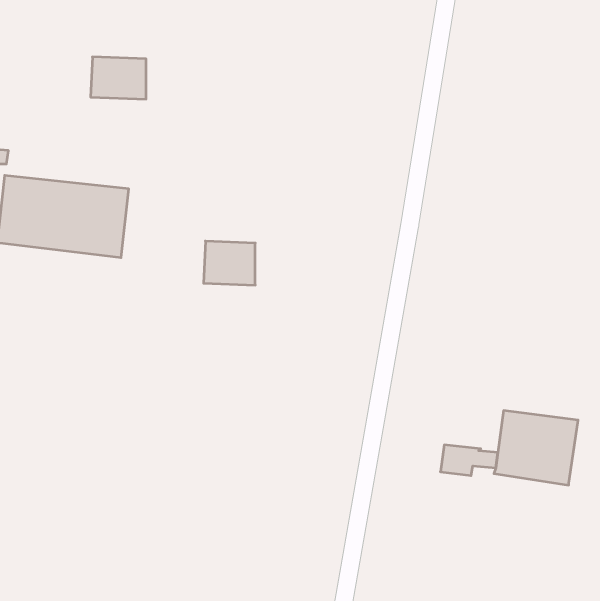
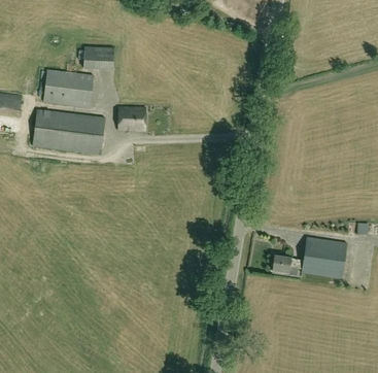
building: none -> [43,70,93,107]
building: [204,241,255,285] -> [117,107,145,131]

